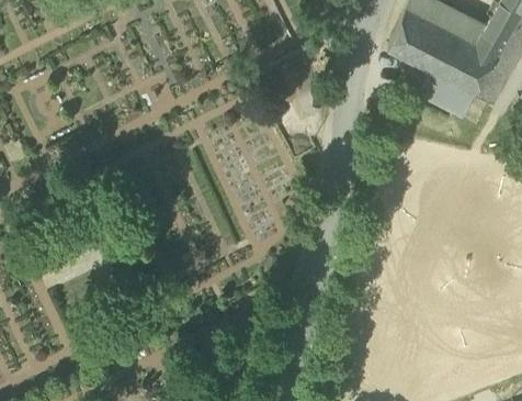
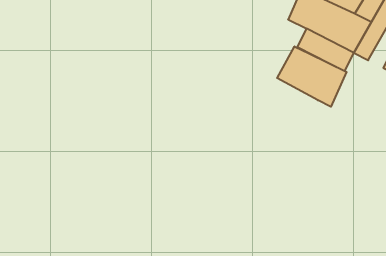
building: none -> [277,46,347,107]

